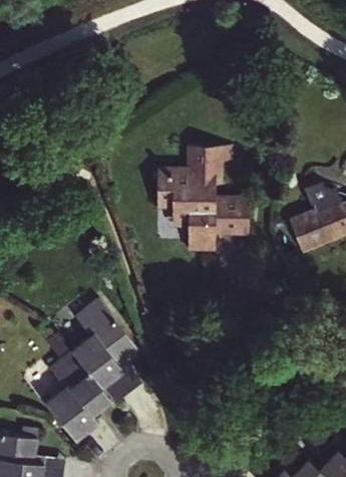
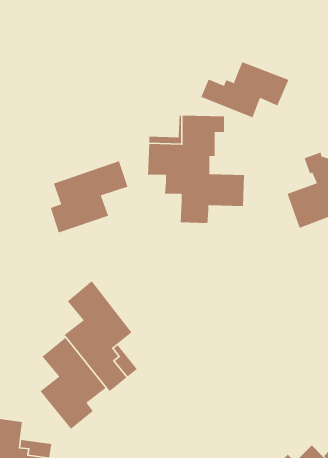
building: none -> [200,61,289,119]
building: none -> [50,160,128,233]

